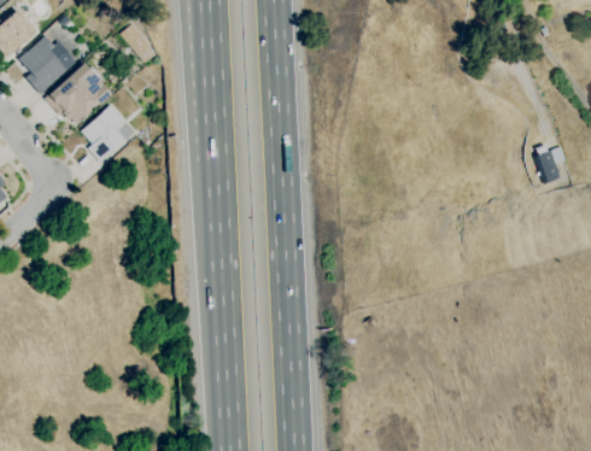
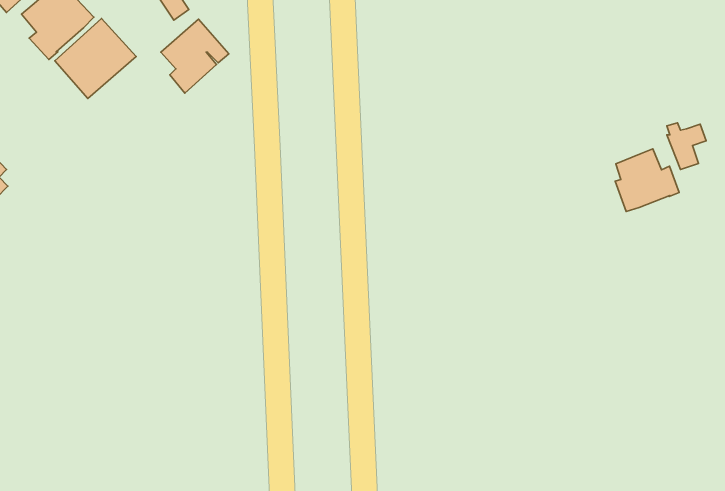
building: [81,104,135,163] -> [161,19,229,93]
building: none -> [615,149,679,212]

